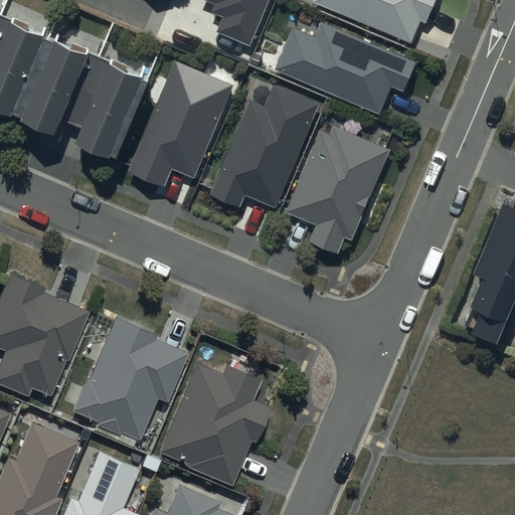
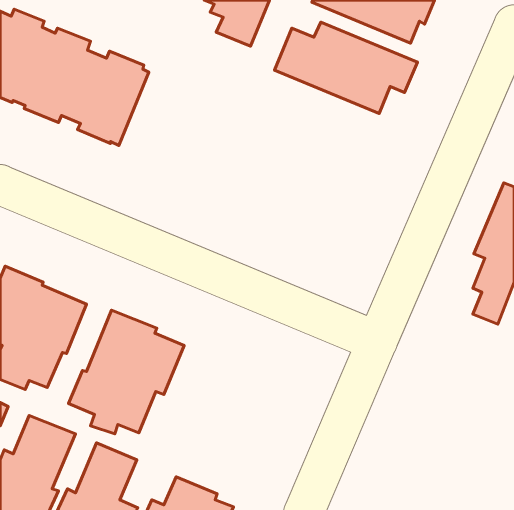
building: [127,63,233,192] -> none
building: [211,87,320,211] -> none
building: [286,129,390,258] -> none
building: [157,359,268,482] -> none

